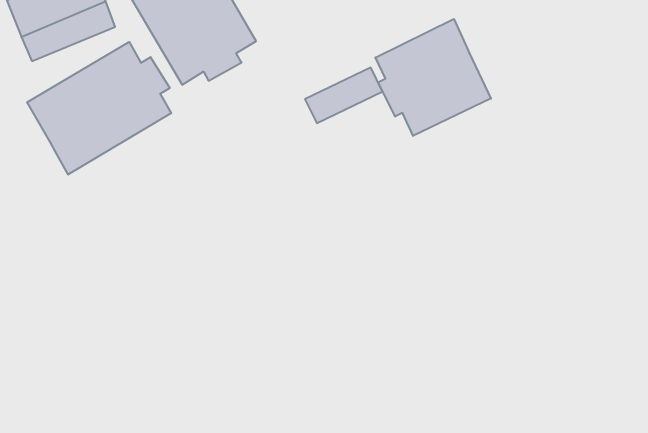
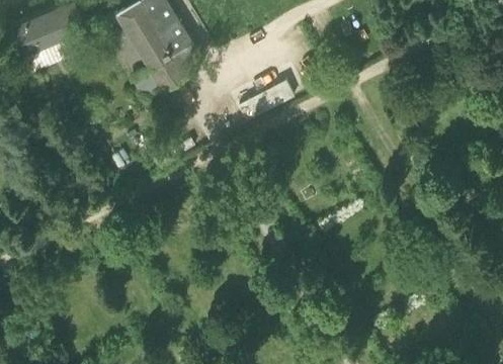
building: [375,19,491,136] -> none
building: [27,42,171,175] -> none

